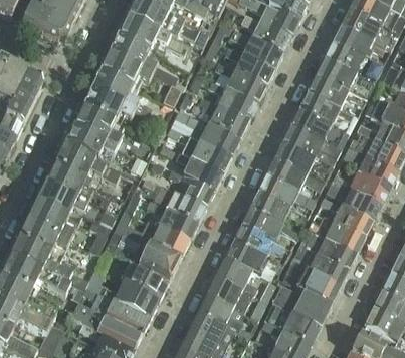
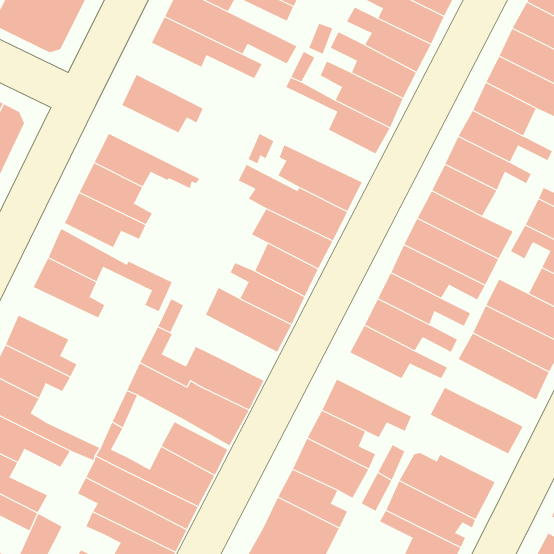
building: [111,34,178,84] -> none
building: [93,72,138,109] -> none
building: [201,78,257,119] -> none
building: [38,184,105,221] -> none
building: [152,202,197,241] -> none
building: [233,224,273,256] -> none
building: [299,228,356,269] -> none
building: [282,262,339,303] -> none

